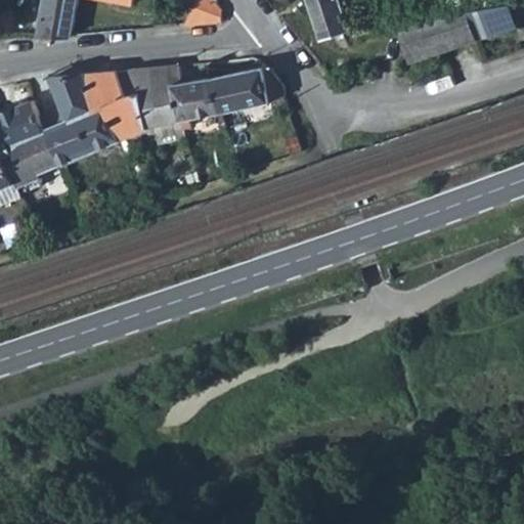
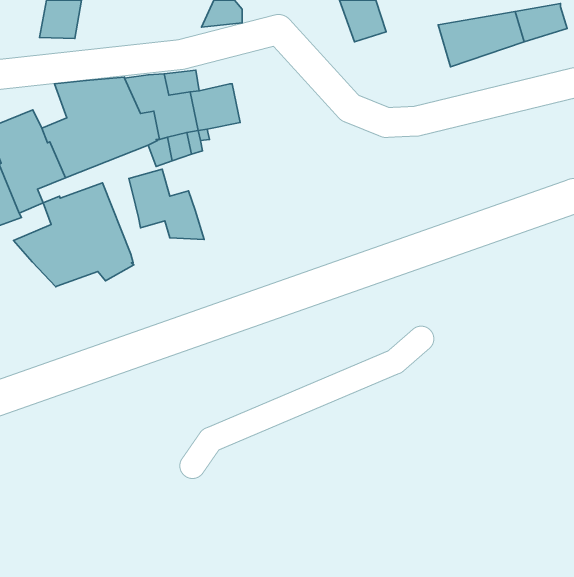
building: [210,68,281,113] -> none
building: none -> [129,169,204,239]
building: none -> [13,183,134,287]

